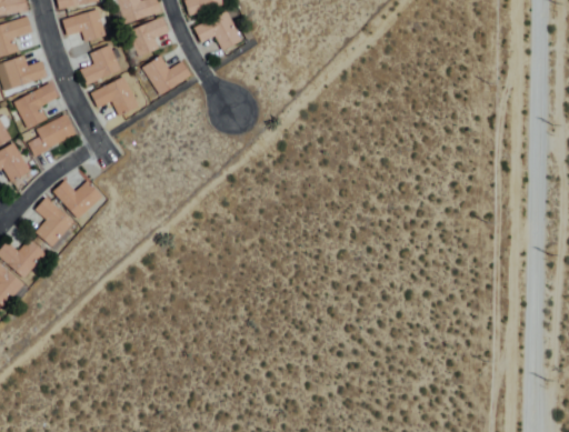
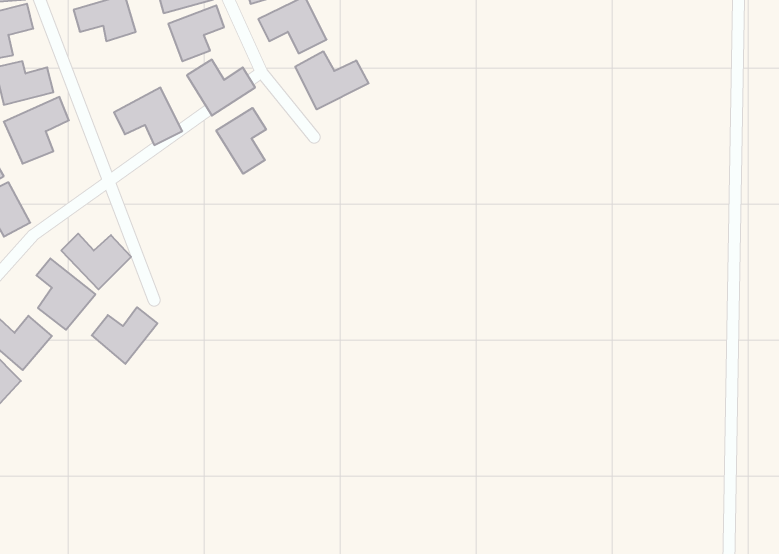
building: [80,44,121,86] -> none
building: none -> [295,51,369,109]
building: none -> [216,108,266,174]
building: [24,114,77,157] -> none
building: none -> [92,307,157,364]

